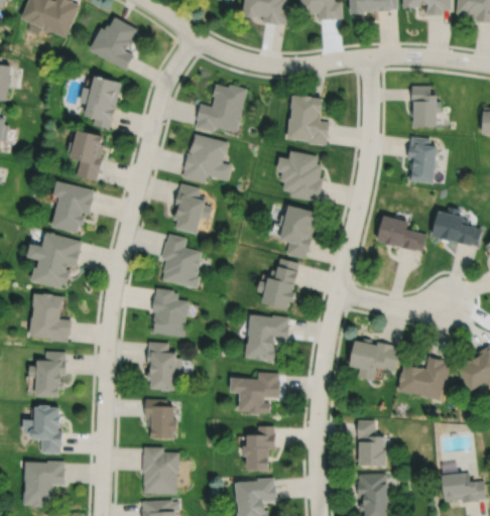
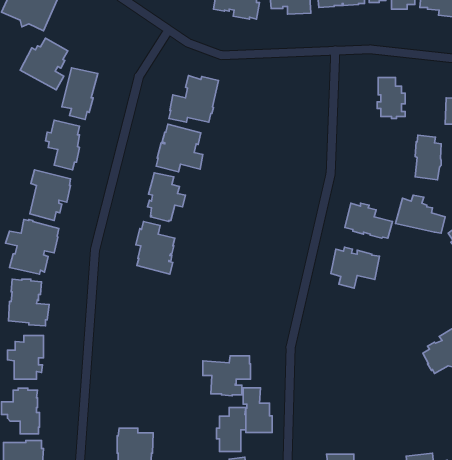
building: [88,15,137,69] -> [20,38,68,90]
building: [287,94,331,144] -> none
building: [408,136,436,182] -> [415,135,441,180]
building: [277,150,323,202] -> none
building: [279,205,317,258] -> none
building: [257,258,298,309] -> none
building: [151,288,189,337] -> none
building: [245,314,288,361] -> none
building: [350,339,400,381] -> [331,247,380,288]
building: [145,342,180,392] -> none
building: [398,357,449,401] -> none
building: [143,399,176,439] -> none
building: [357,421,387,468] -> [243,388,272,432]

